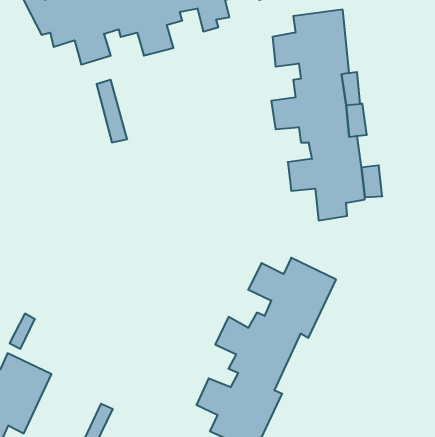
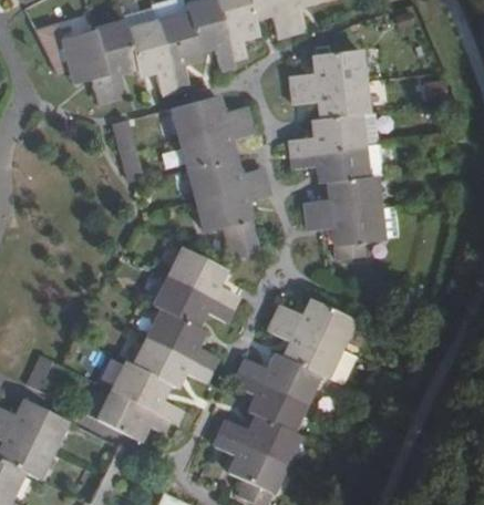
building: none -> [169,96,270,260]
building: none -> [96,247,239,443]

